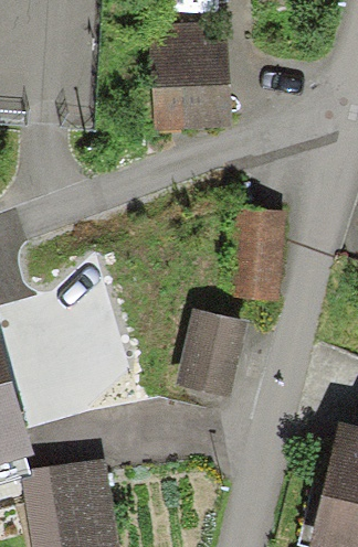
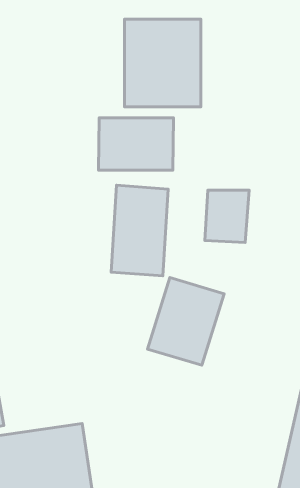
building: none -> [98,118,173,170]
building: none -> [111,185,168,276]

